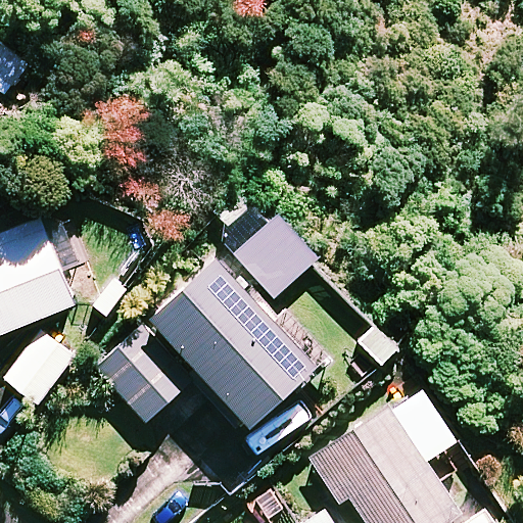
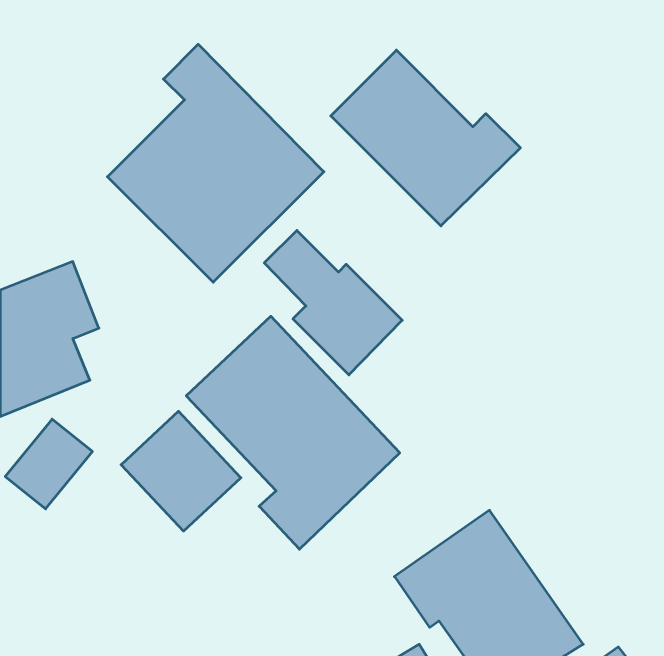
building: none -> [107,44,324,282]
building: none -> [331,50,520,226]

